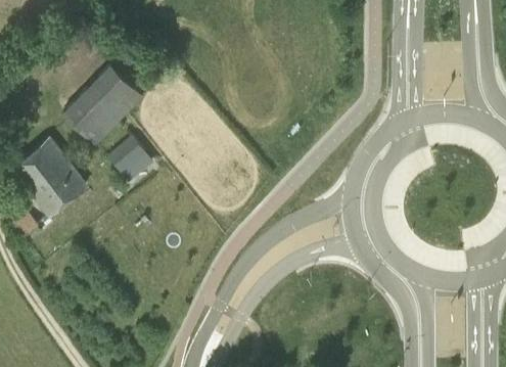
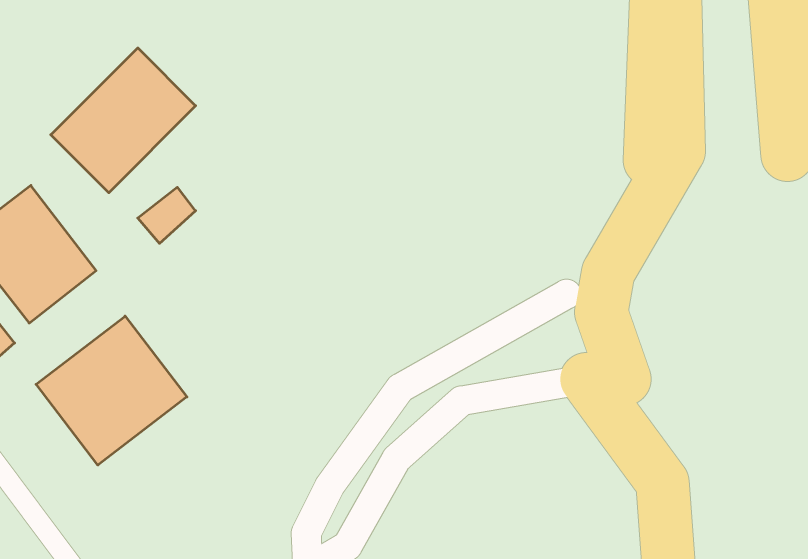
building: none -> [36,316,187,465]

